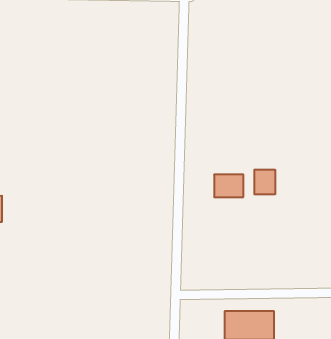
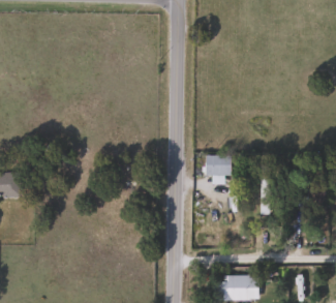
building: [254,170,275,194] -> none

